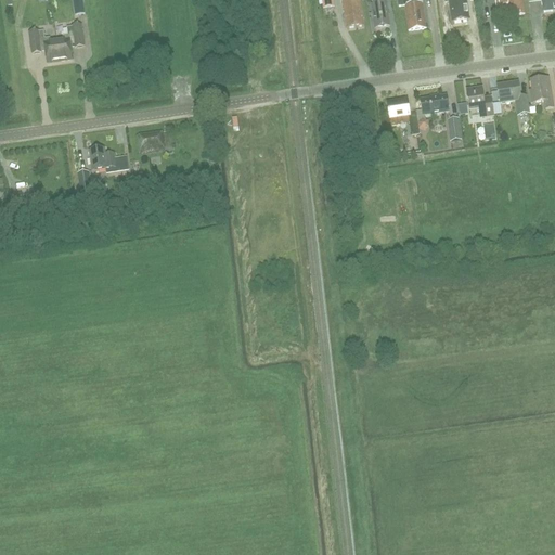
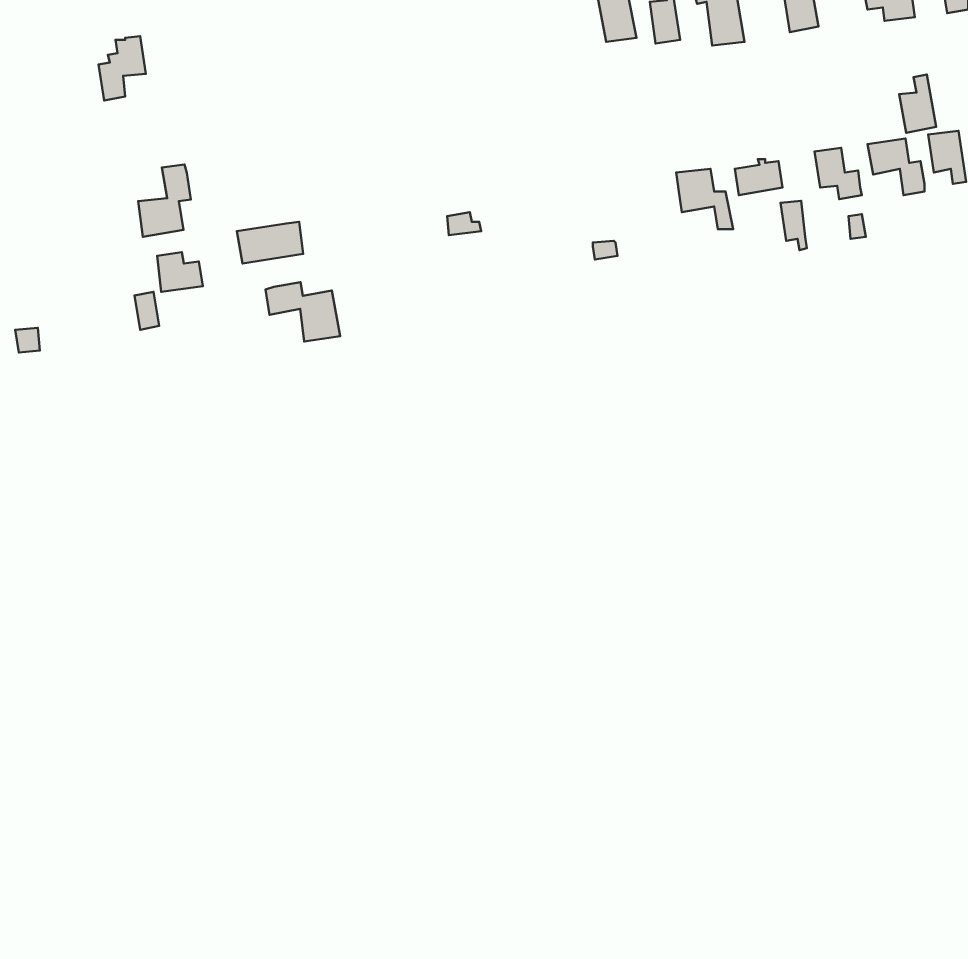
building: [29,27,60,59] -> none
building: none -> [899,75,936,133]
building: none -> [138,164,191,237]
building: none -> [265,282,340,342]

